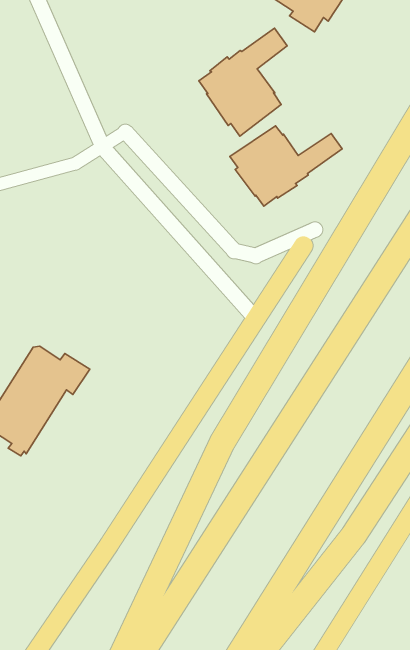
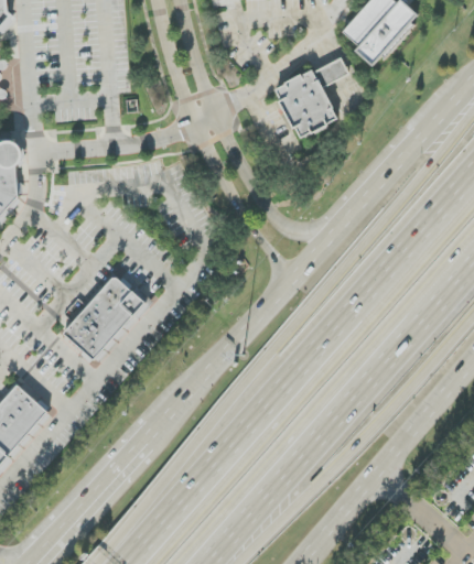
building: [230,126,342,206] -> none

